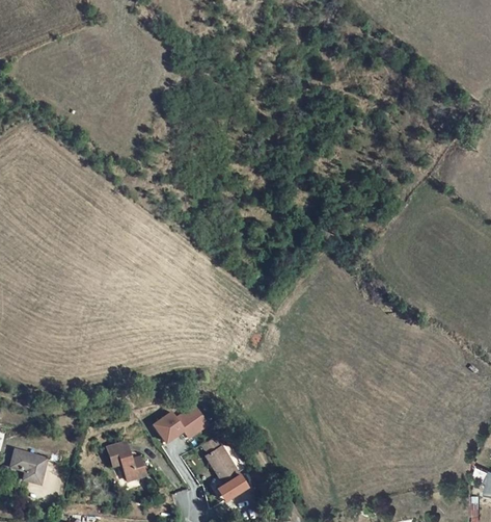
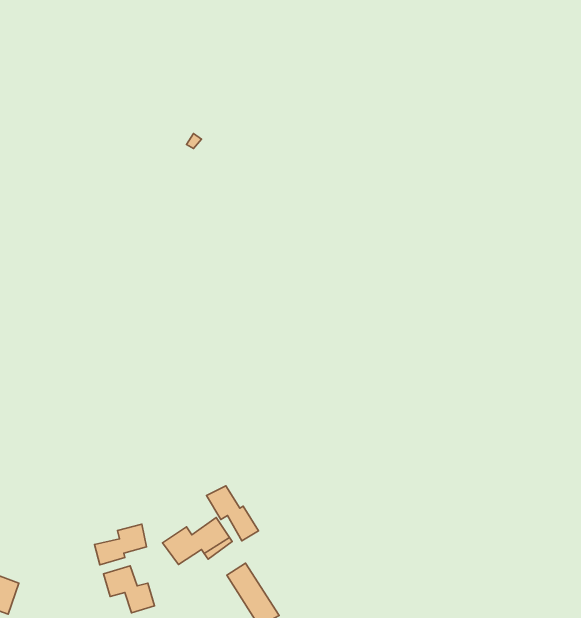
building: none -> [206,486,259,541]
building: none -> [95,524,147,565]

